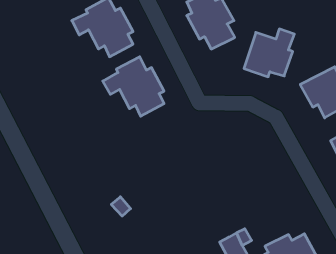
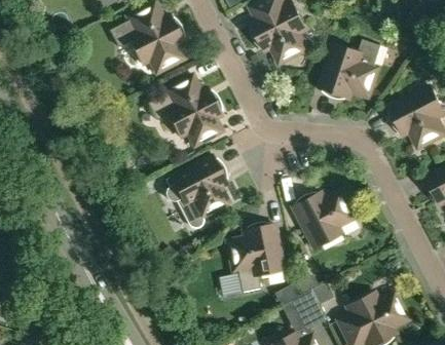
building: none -> [165,154,229,227]
building: none -> [291,189,354,247]
building: none -> [226,223,283,292]

